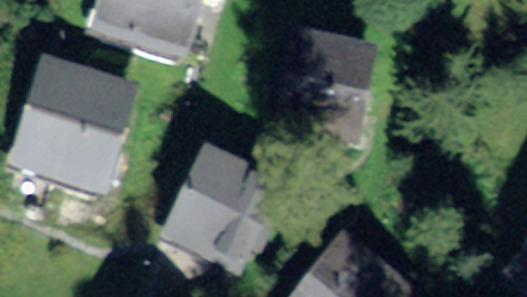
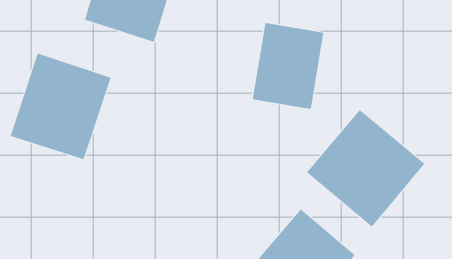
building: none -> [306,109,425,227]
building: [167,157,268,263] -> none

